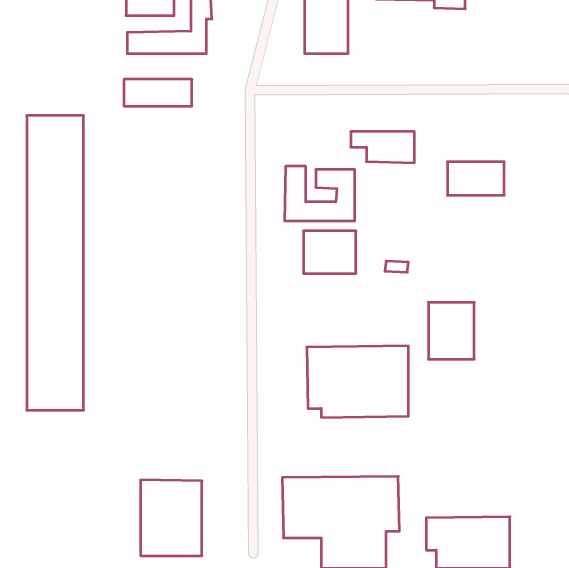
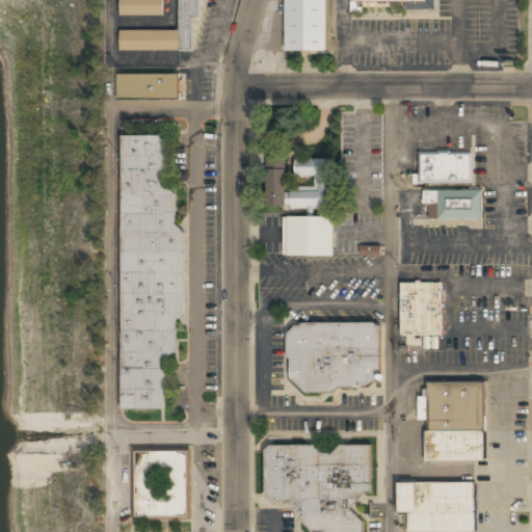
building: [27,116,84,410] -> [121,134,174,408]
building: [351,132,414,163] -> [422,189,481,218]
building: none -> [424,380,484,460]

